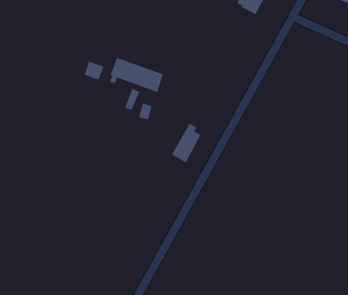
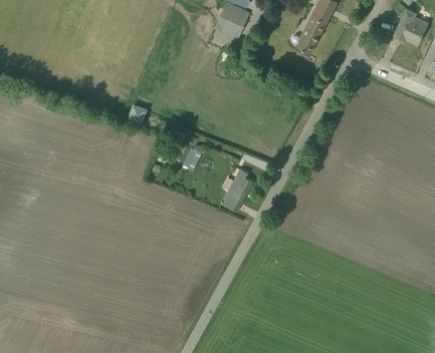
building: [109,57,164,93] -> none

